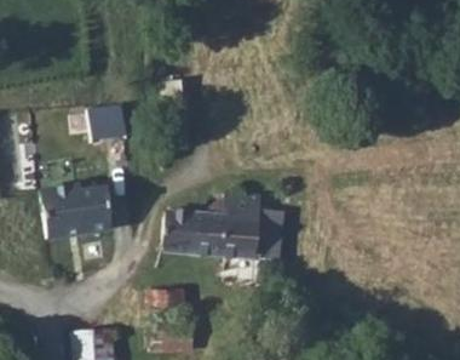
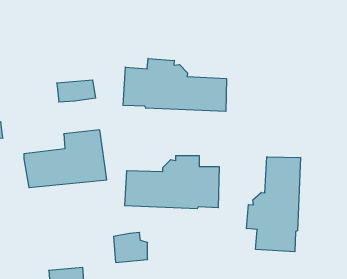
building: none -> [123,58,226,111]
building: none -> [247,157,301,252]

